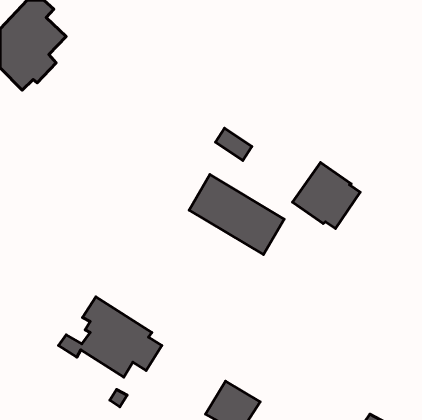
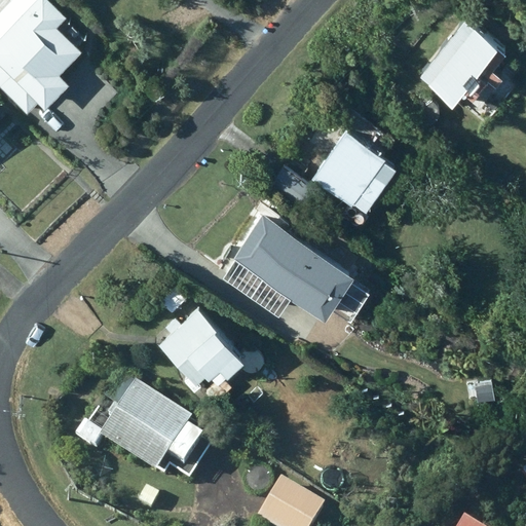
building: none -> [422,20,508,99]
building: [293,162,360,228] -> [312,129,397,212]
building: none -> [158,300,240,377]

